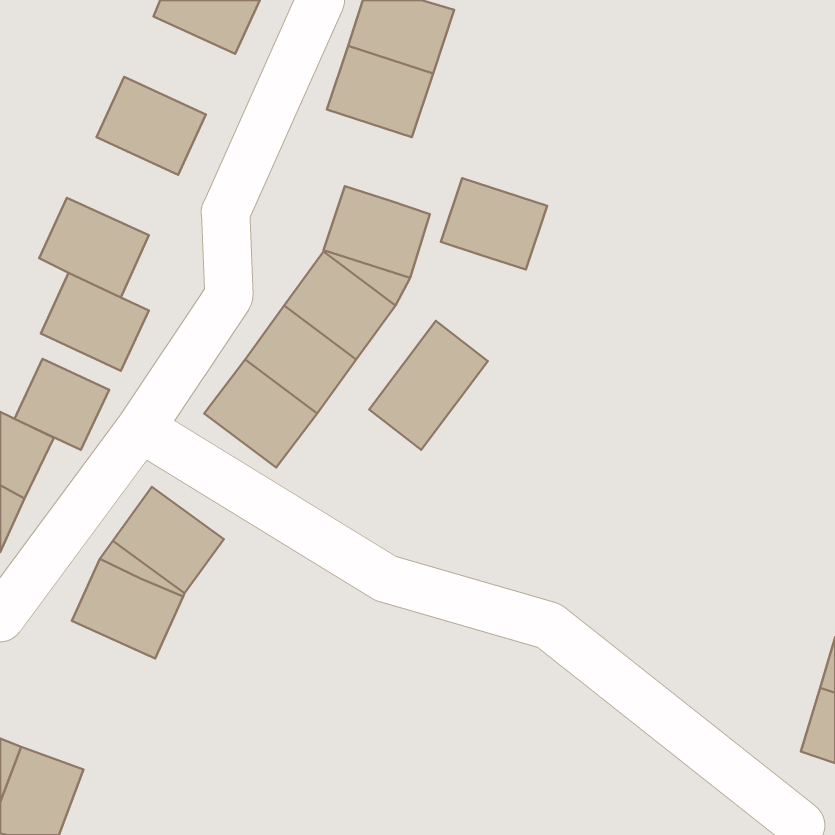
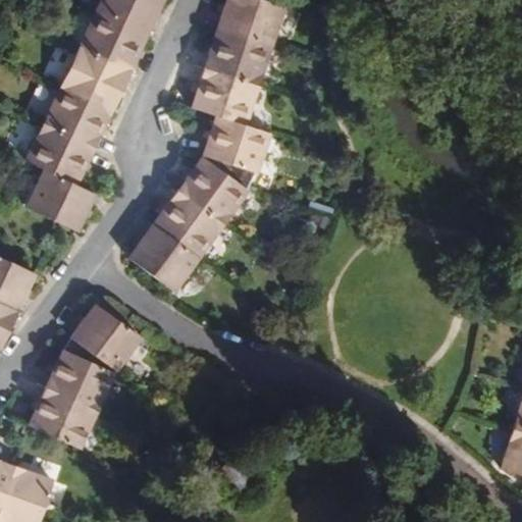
building: none -> [77,10,147,71]
building: none -> [42,86,111,147]
building: [441,178,547,270] -> [191,68,257,125]
building: [369,321,488,450] -> none
building: [15,359,109,450] -> none
building: none -> [28,387,97,449]

